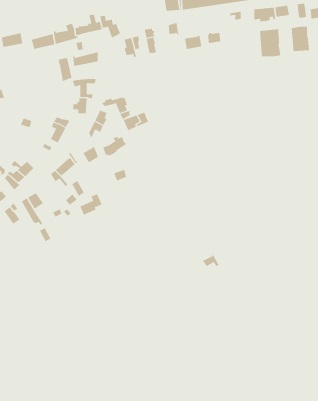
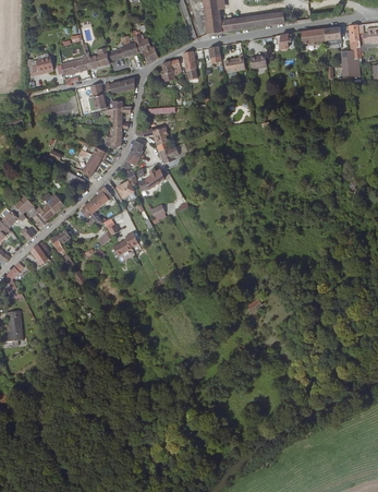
building: [259,28,281,57] -> none

